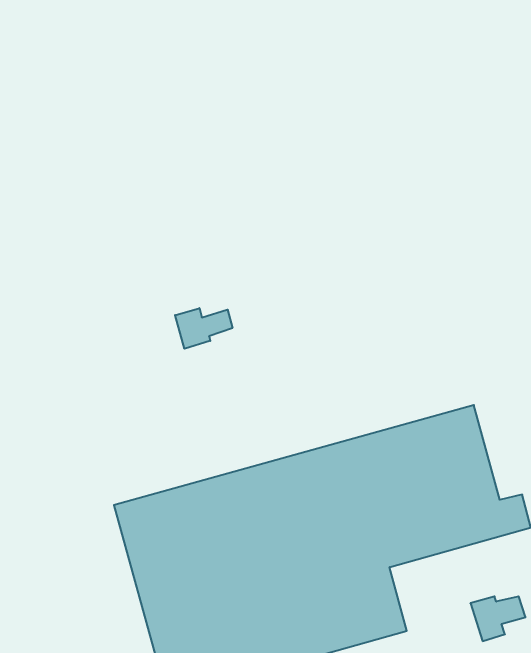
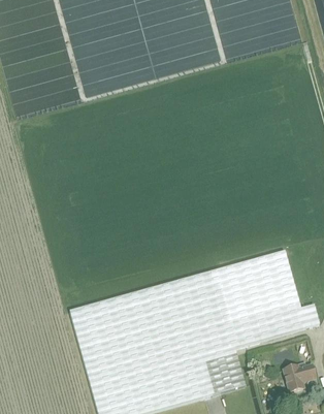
building: [175,308,232,349] -> none

